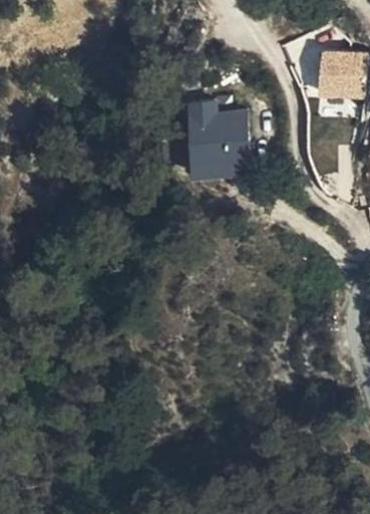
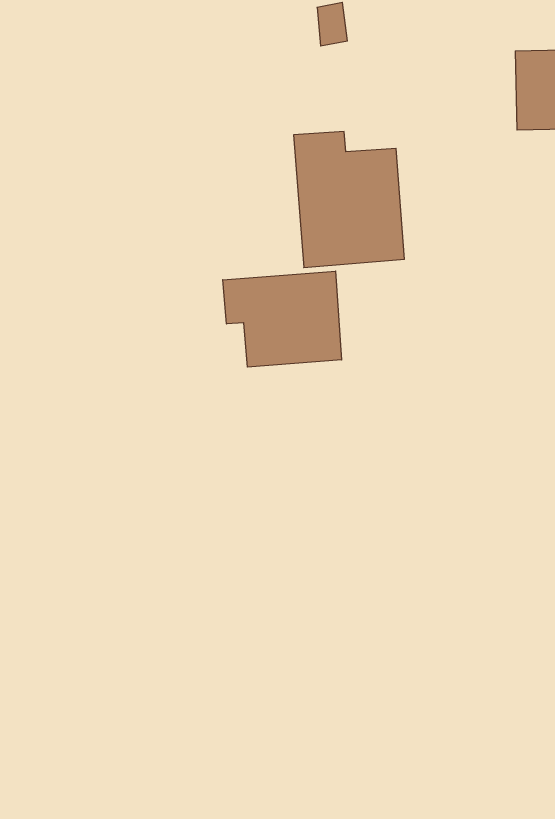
building: none -> [223,271,342,367]

